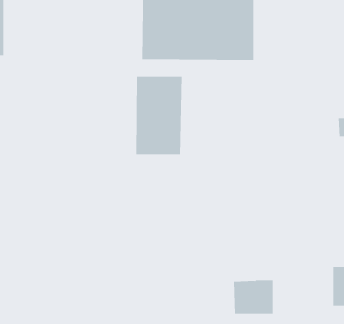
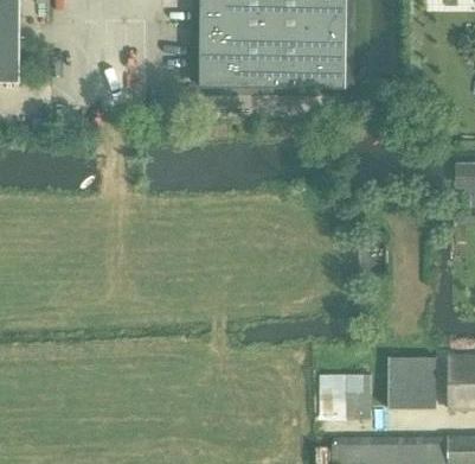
building: [136,76,182,155] -> none
building: none -> [387,357,435,408]

